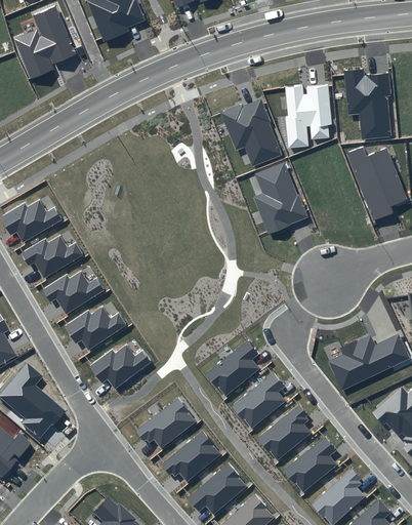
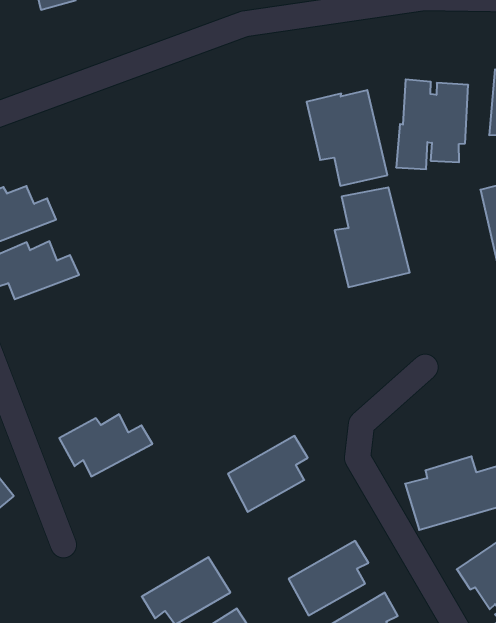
building: [42,270,106,314] -> none
building: [64,307,126,351] -> none
building: [232,373,284,429] -> none
building: [135,399,195,448] -> none

